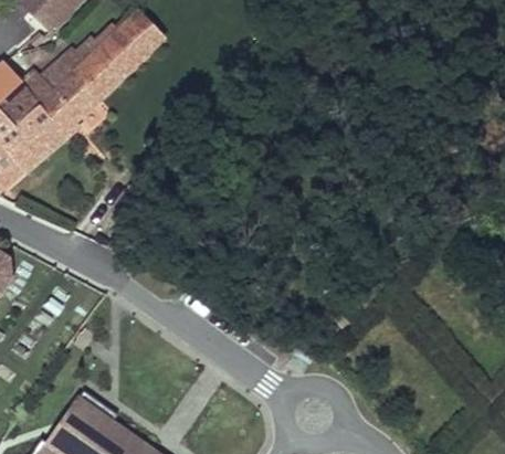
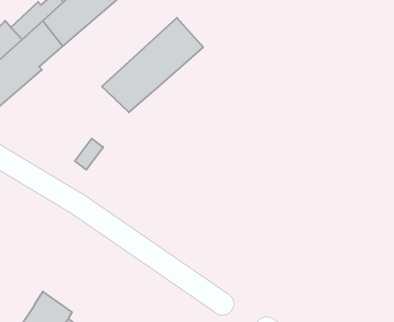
building: none -> [102,18,203,112]

